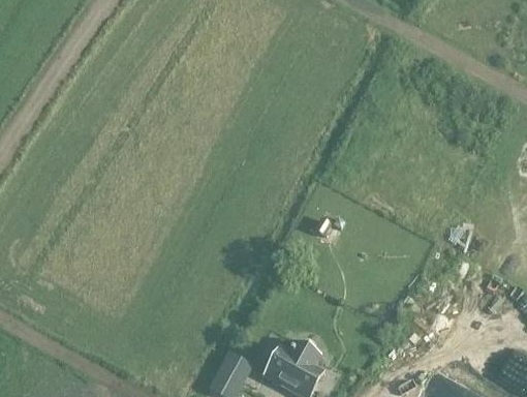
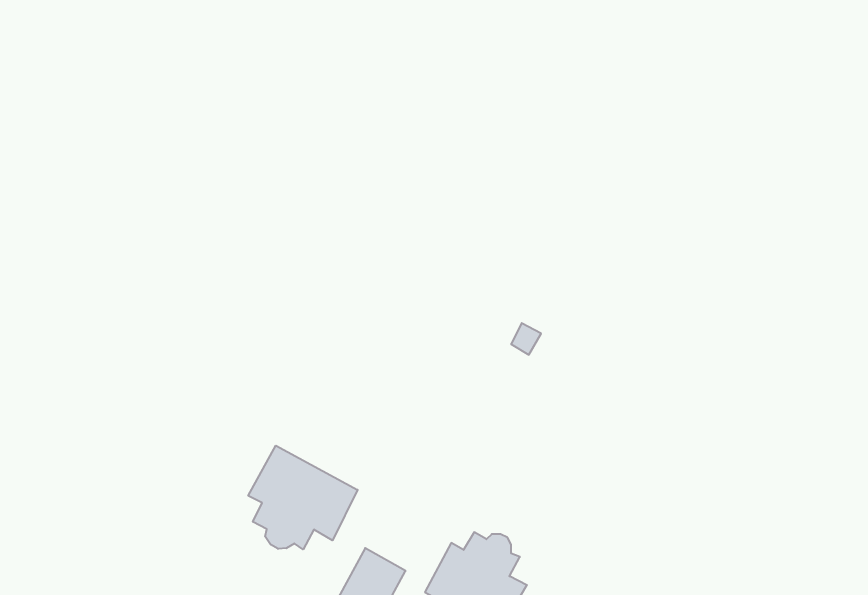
building: none -> [248,446,358,549]

